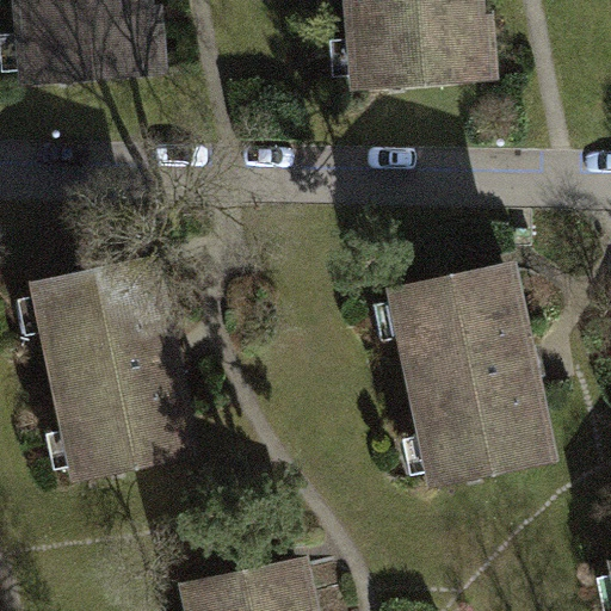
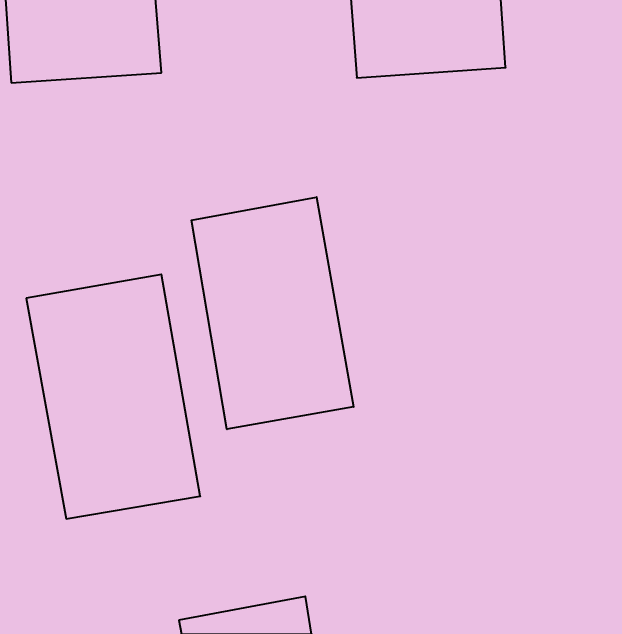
building: none -> [191,197,354,429]
building: [395,258,561,492] -> none

